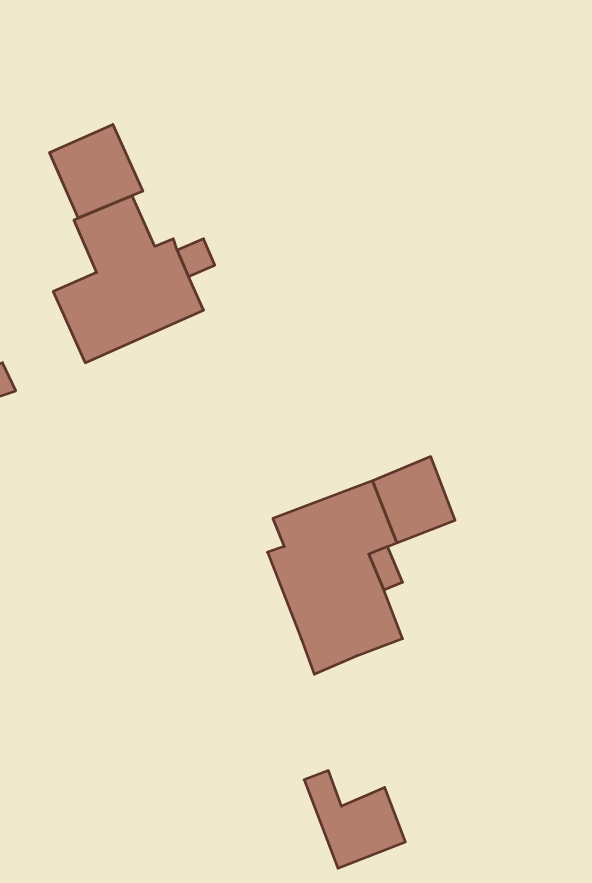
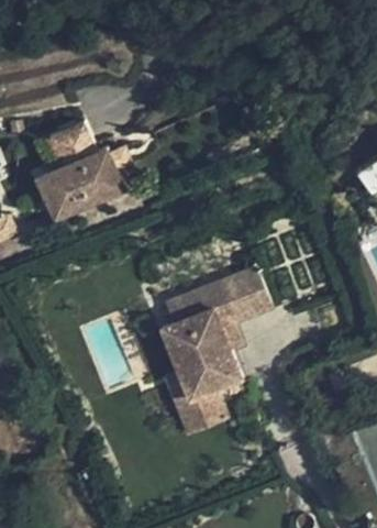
building: [50,124,143,218] -> none
building: [304,771,405,868] -> [166,380,225,437]

